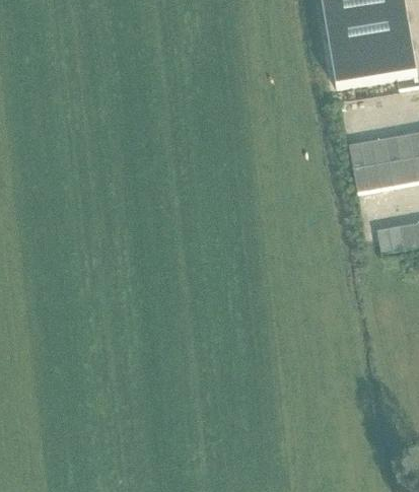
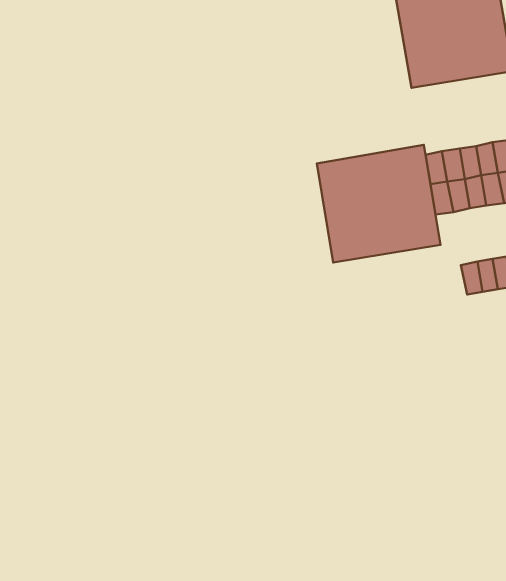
building: none -> [317,145,440,262]

